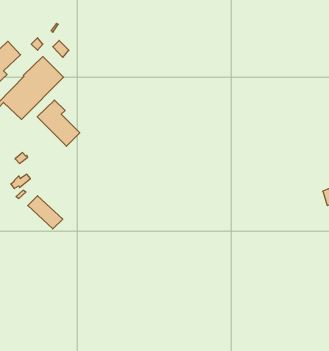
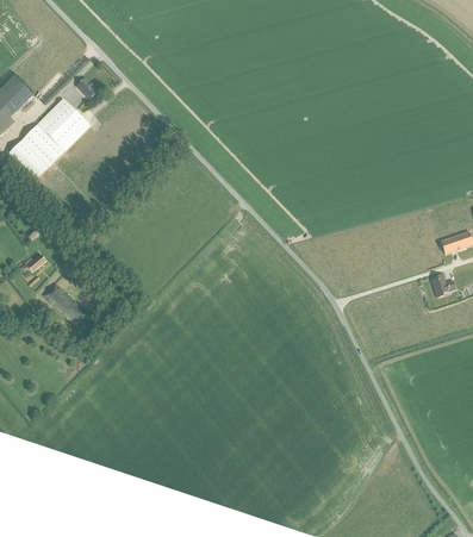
building: [37,100,80,146] -> none

